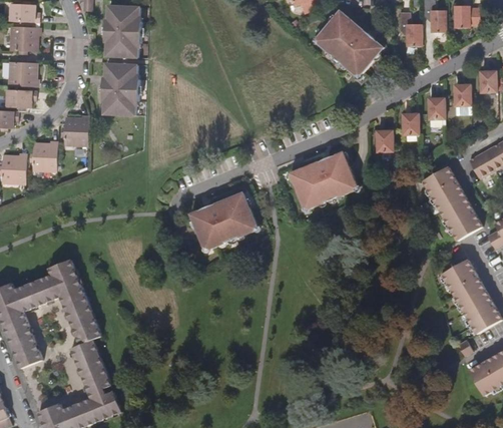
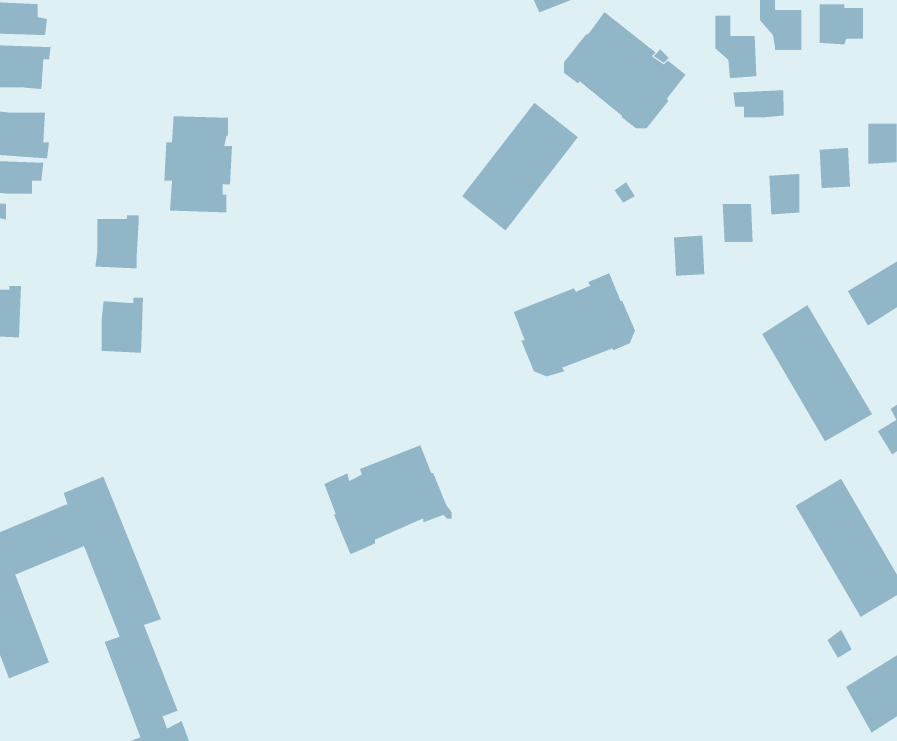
building: [105,7,141,59] -> none
building: none -> [733,90,784,118]
building: none -> [461,102,579,231]
building: [34,143,57,173] -> [101,297,144,353]
building: [189,189,259,249] -> [324,445,452,555]

